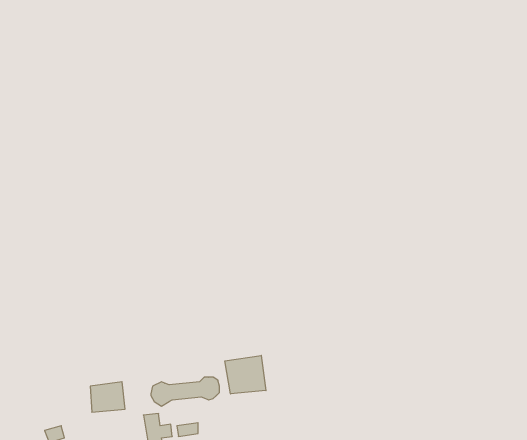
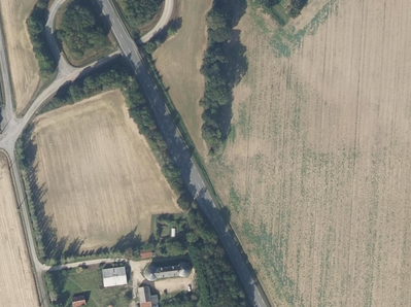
building: [225,355,266,394] -> none

